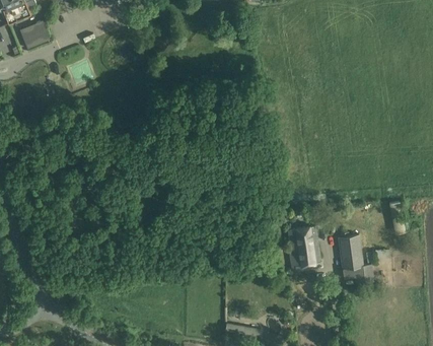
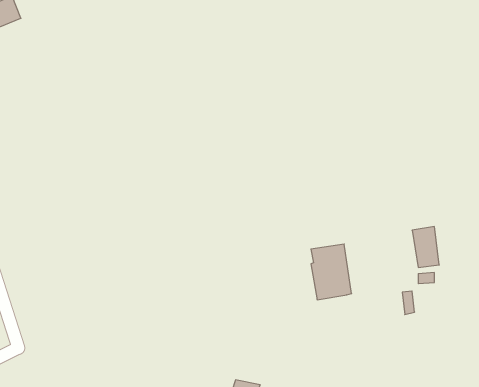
building: [338,233,360,267] -> [412,227,439,267]

